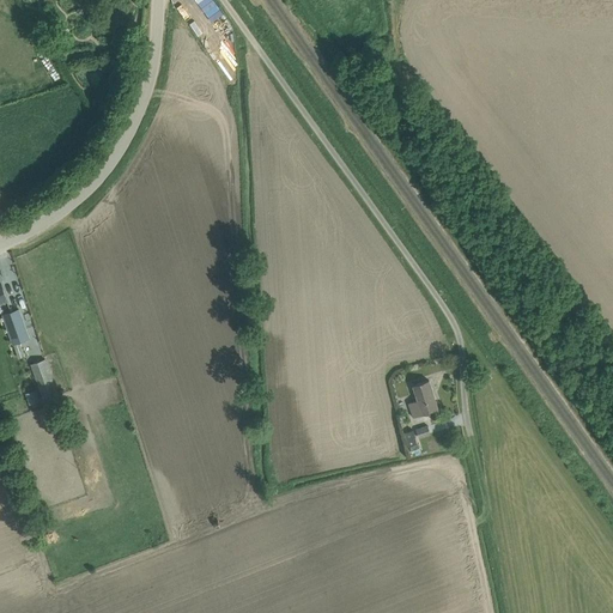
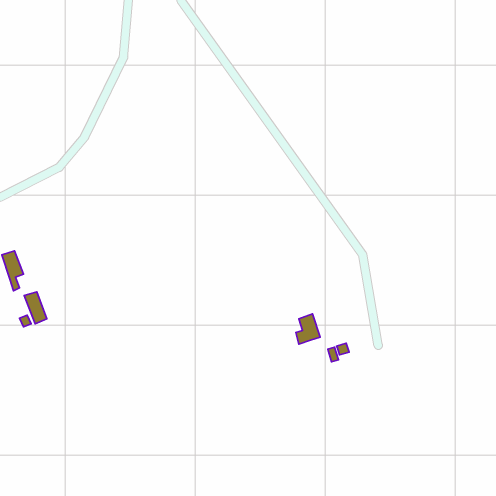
building: [408,381,438,418] -> [296,314,320,344]

